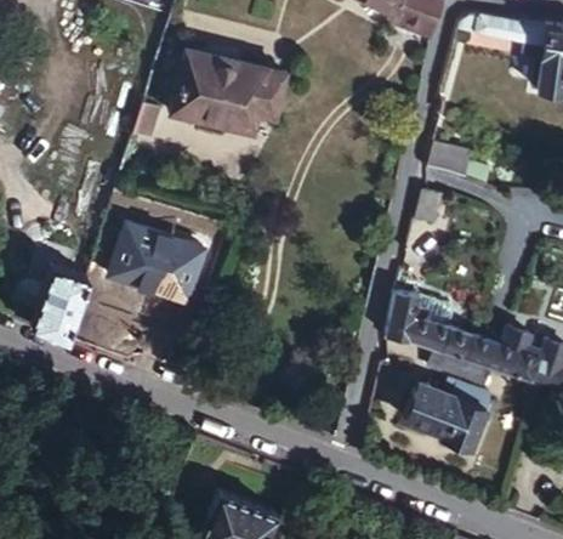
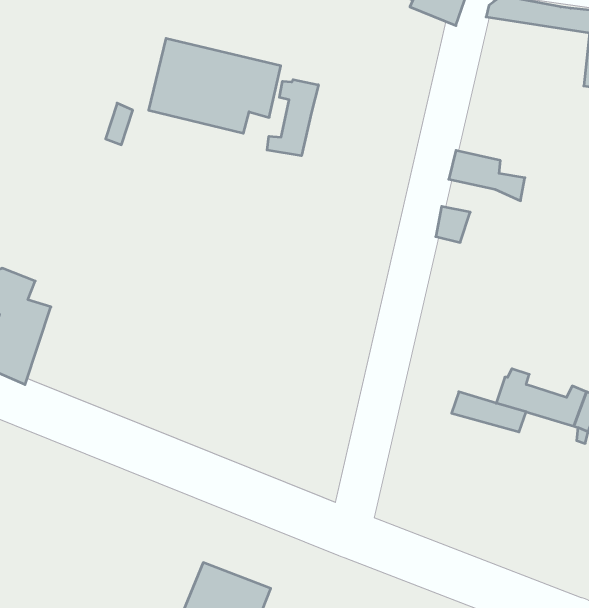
building: none -> [267,80,318,156]
building: [110,222,207,303] -> none
building: [388,291,474,358] -> none
building: [405,378,493,446] -> none

